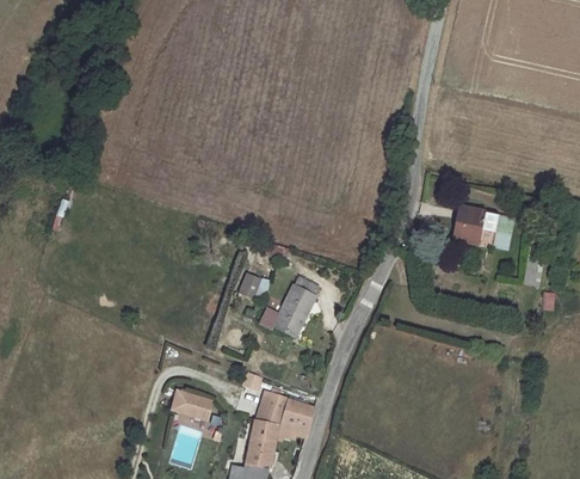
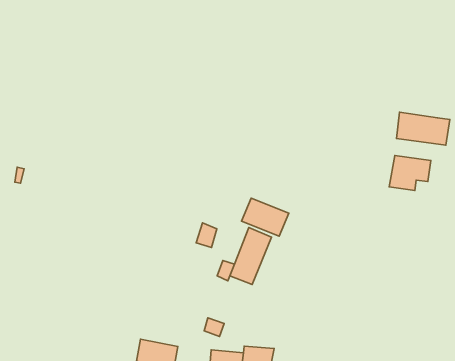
building: none -> [396,112,450,145]
building: none -> [241,198,289,236]

